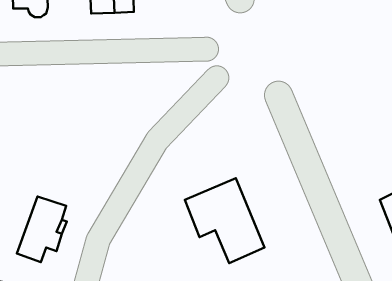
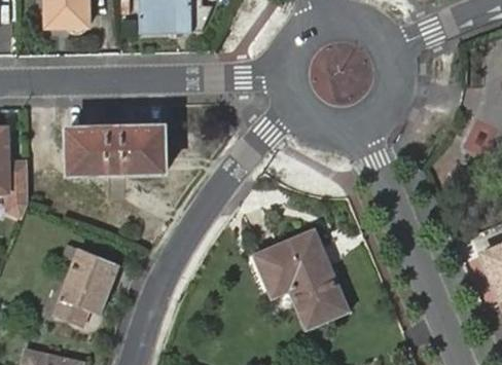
building: none -> [67,127,164,174]

